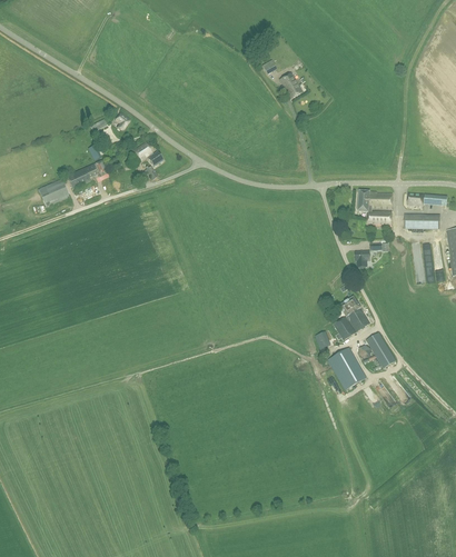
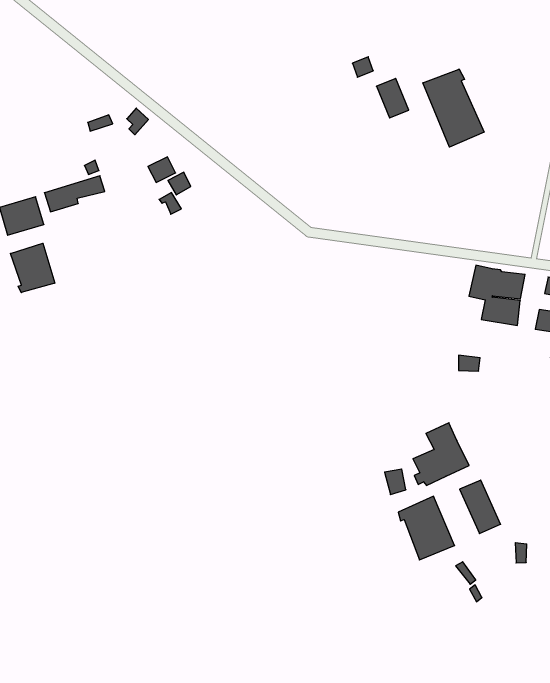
building: none -> [423,69,484,147]
building: none -> [10,243,55,293]

